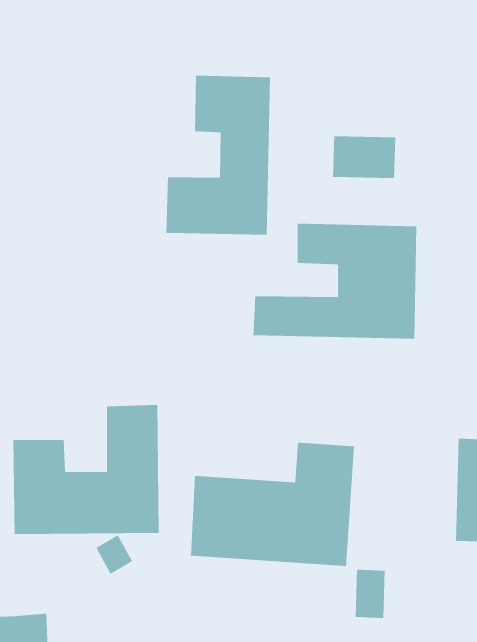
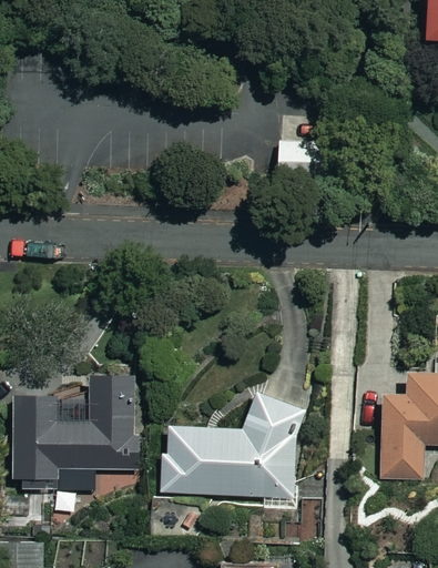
building: [166,75,270,236] -> none
building: [253,223,417,339] -> none

